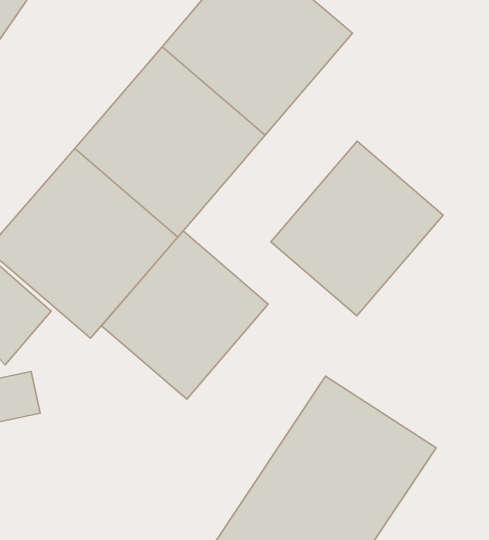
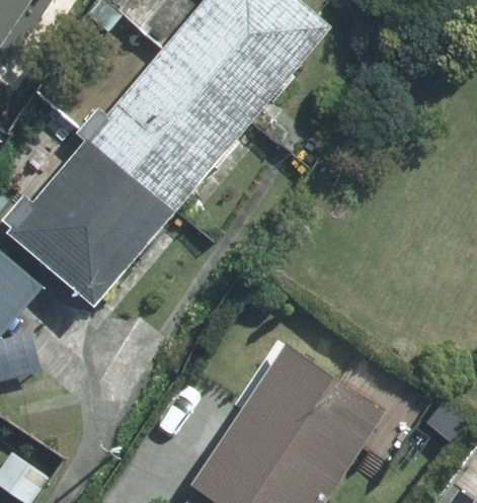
building: [271,141,443,316] -> none
building: [102,231,268,399] -> none

